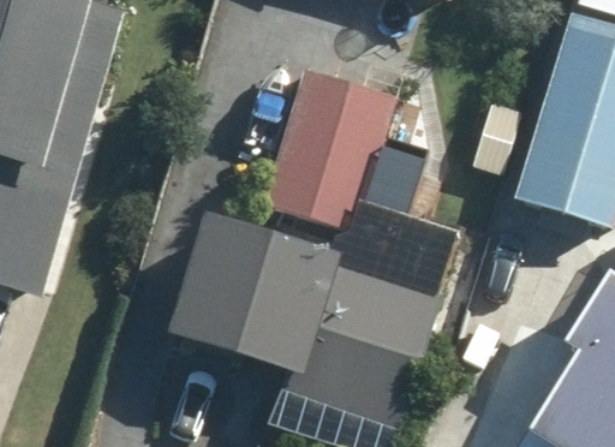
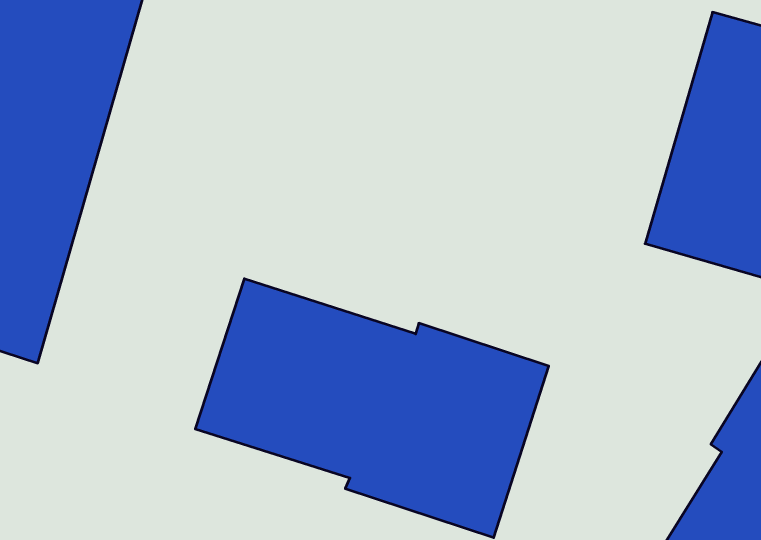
building: [263,73,398,236] -> none

